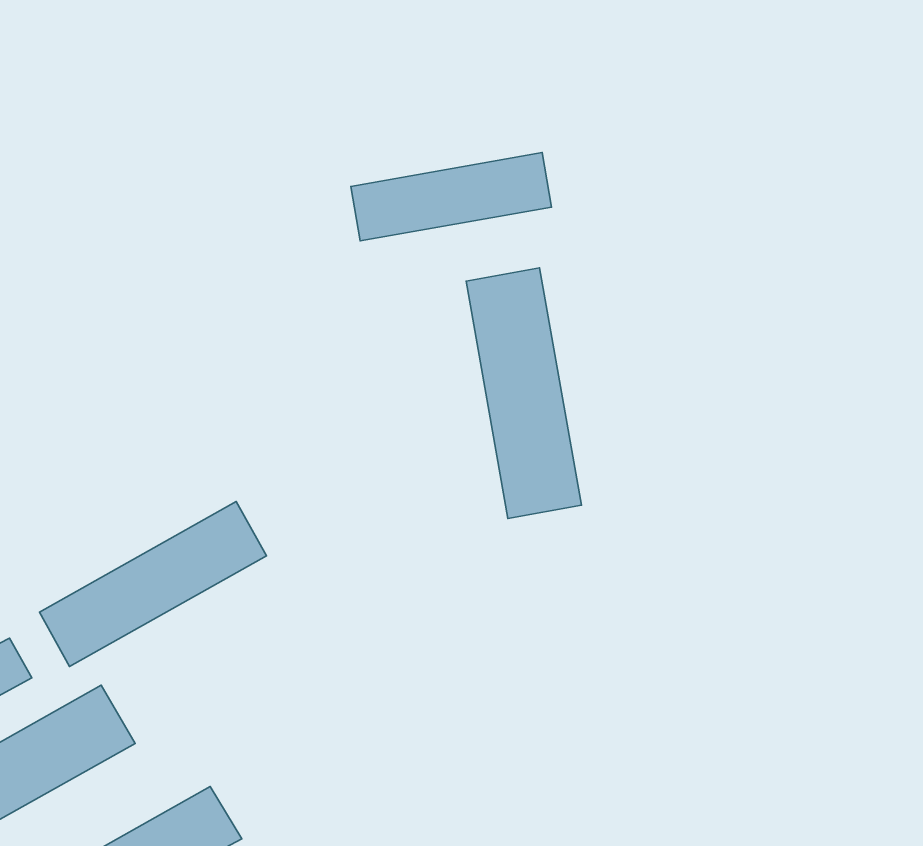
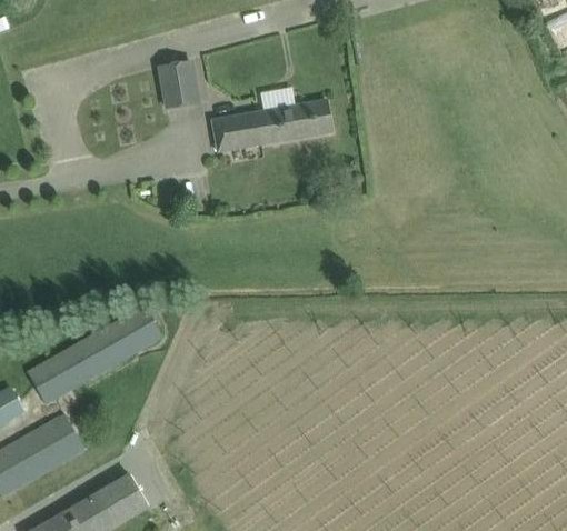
building: none -> [160,61,198,108]
building: [466,268,581,519] -> none

